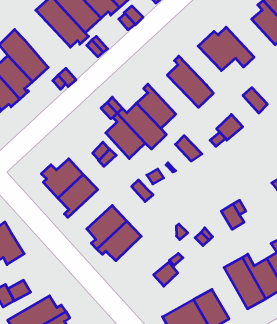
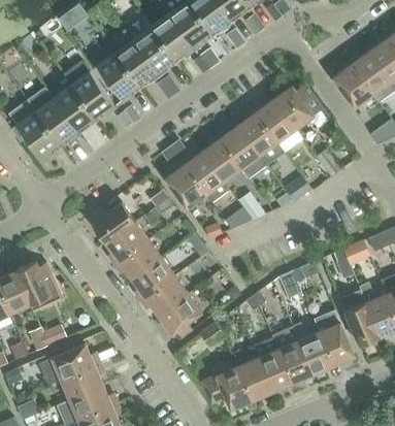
building: none -> [97,54,139,98]
building: none -> [253,99,300,151]
building: none -> [217,126,267,177]
building: none -> [116,238,164,278]
building: none -> [161,293,204,336]
building: none -> [254,336,294,391]

